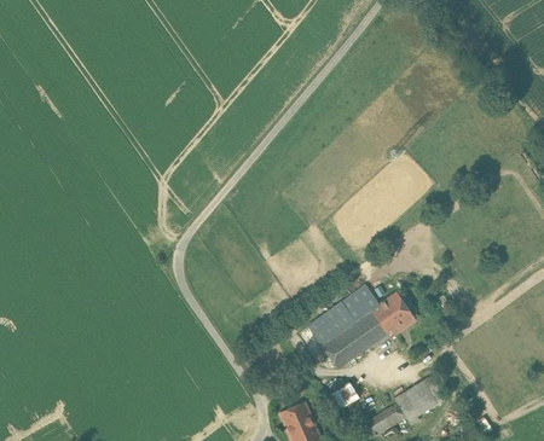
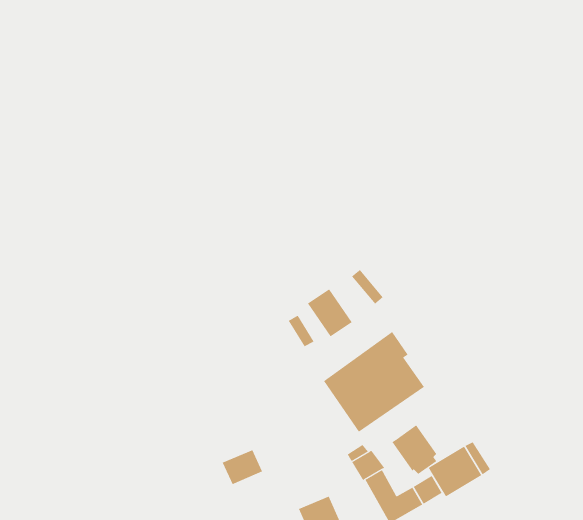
building: none -> [307,288,353,337]
building: [375,291,412,332] -> [392,424,437,474]
building: [279,401,313,430] -> [222,449,263,485]

